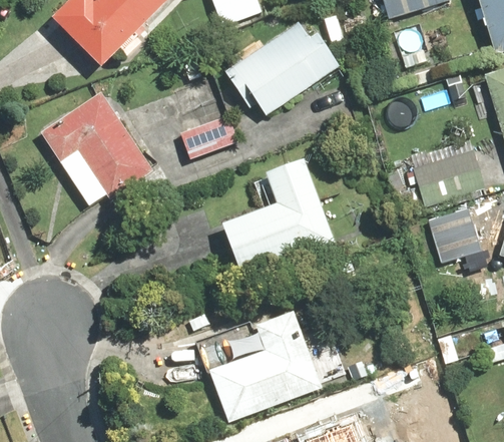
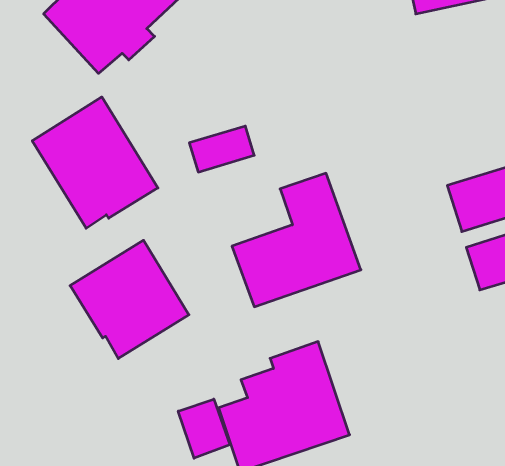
building: [225,32,341,121] -> none
building: none -> [70,240,189,359]
building: none -> [178,399,230,458]

